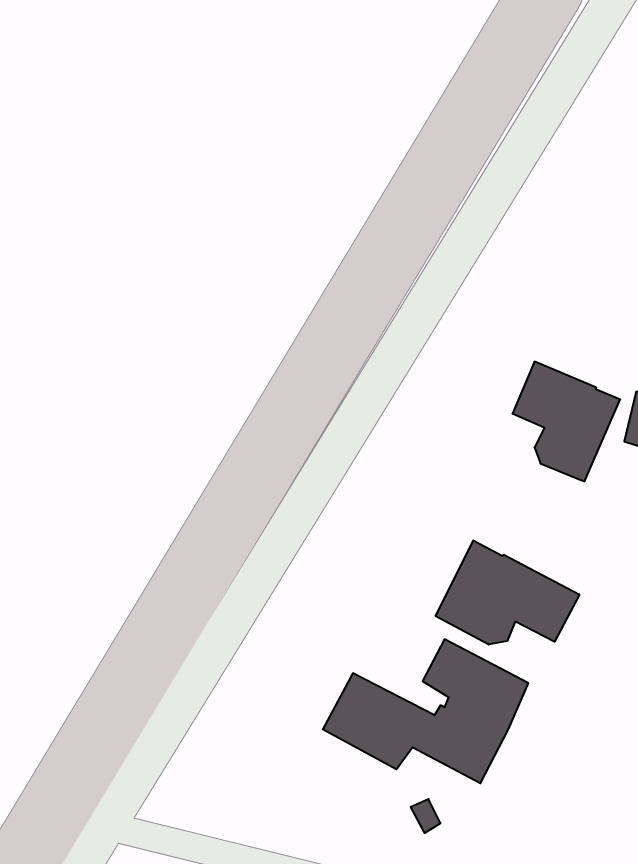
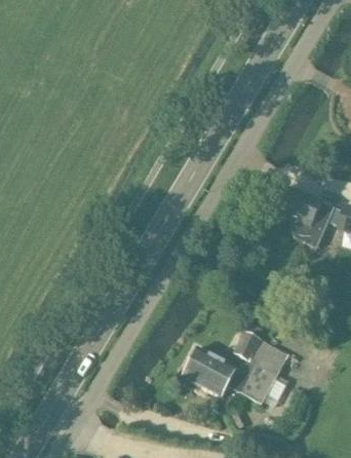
building: [436,540,579,645] -> none

